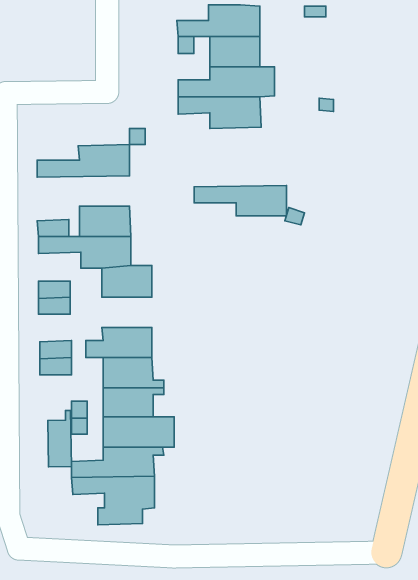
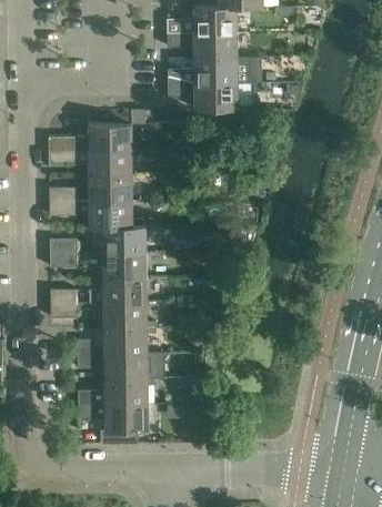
building: [194,186,286,216] -> [49,150,127,175]
building: none -> [103,252,145,277]
building: [48,410,71,467] -> none

